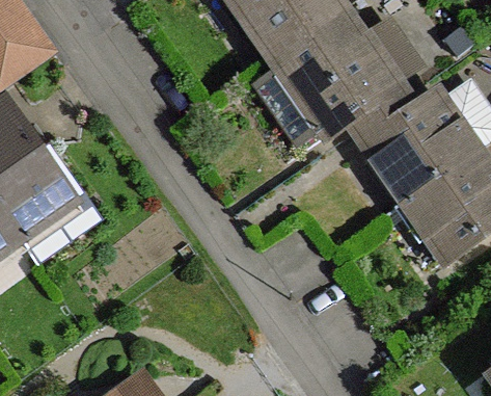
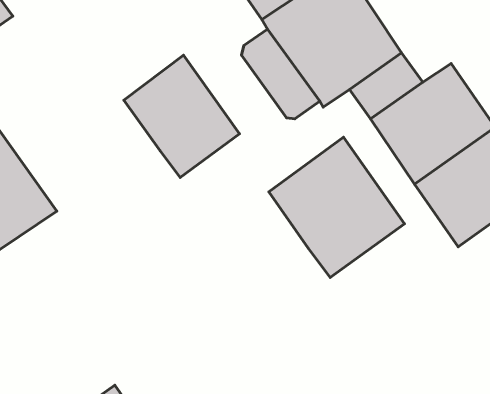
building: none -> [124,55,240,177]
building: none -> [269,137,404,277]

